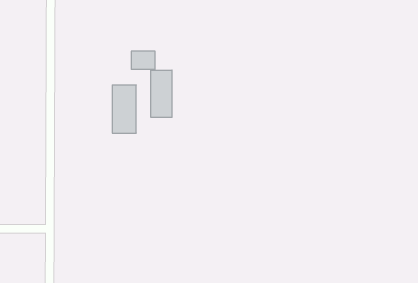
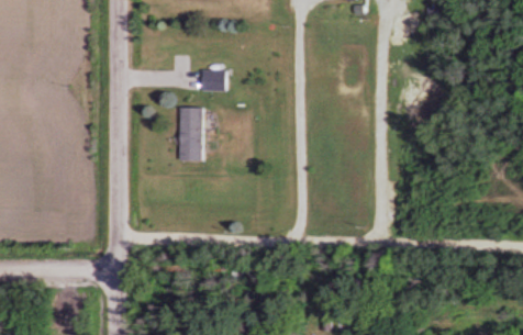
building: [151,70,172,117] -> none

